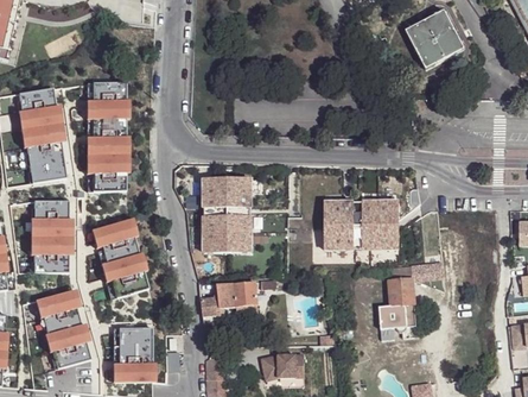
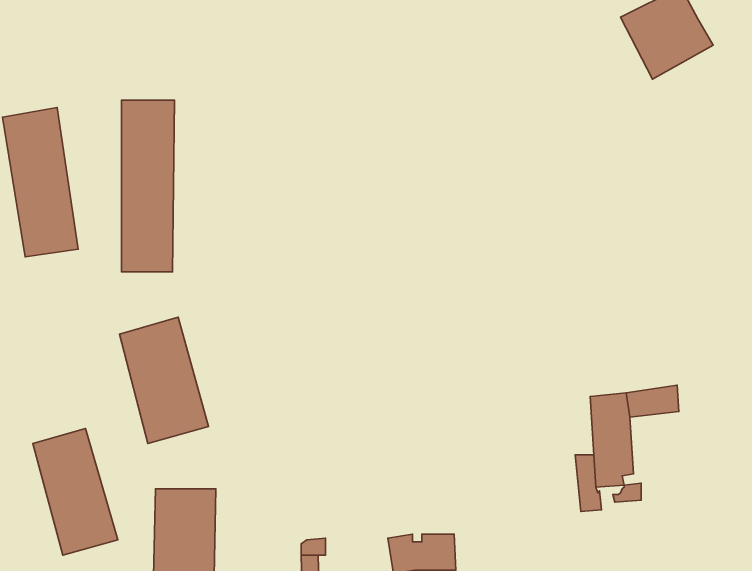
building: [204,178,250,251] -> none
building: [325,195,400,251] -> none
building: [34,200,69,272] -> none
building: [202,281,257,315] -> none

